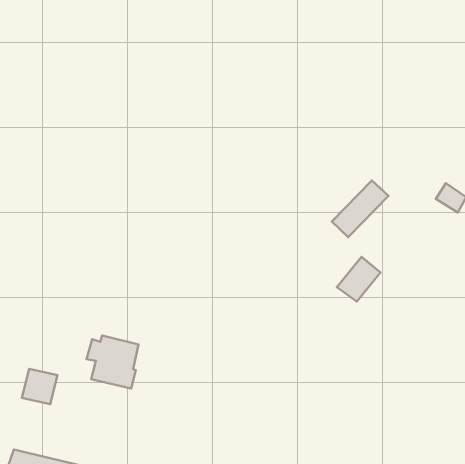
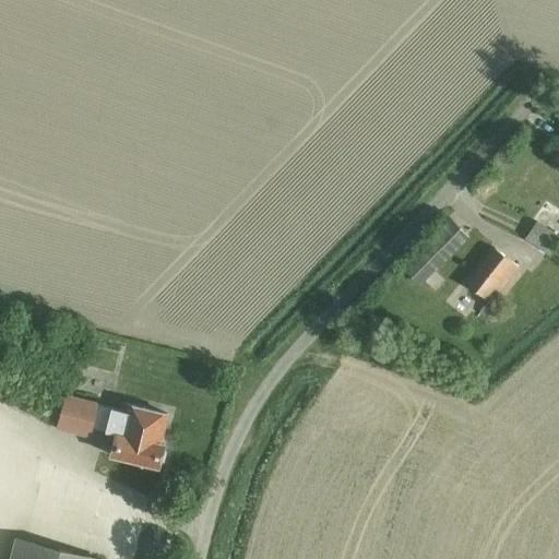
building: [337,257,381,302] -> [466,250,519,304]
building: [22,369,57,404] -> [53,396,96,439]

